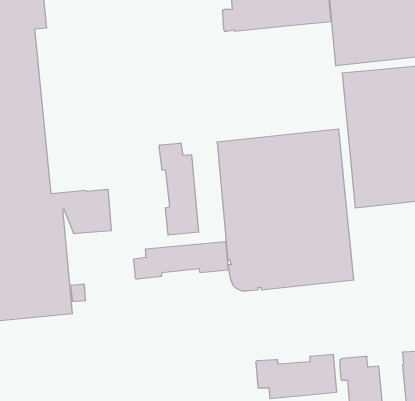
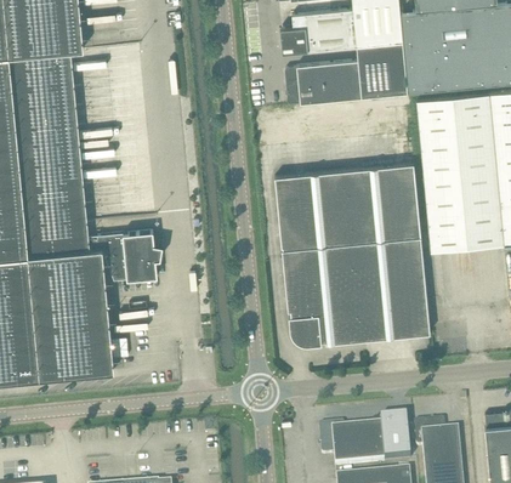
building: none -> [285,42,409,104]
building: [159,143,199,235] -> none
building: [134,241,228,279] -> none

